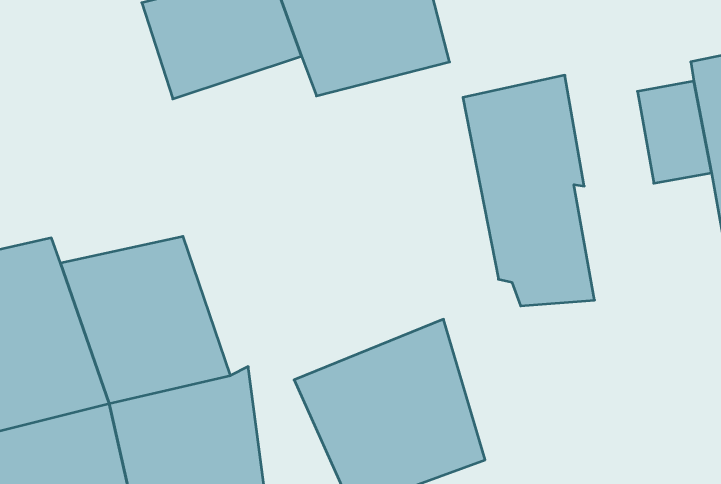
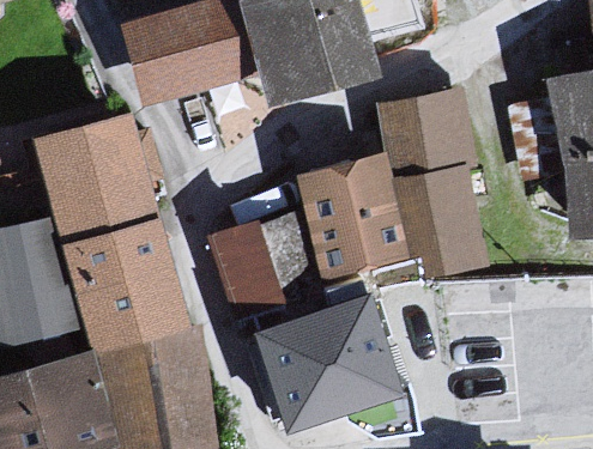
building: none -> [26,111,155,239]
building: none -> [294,152,410,284]
building: none -> [226,195,296,295]

